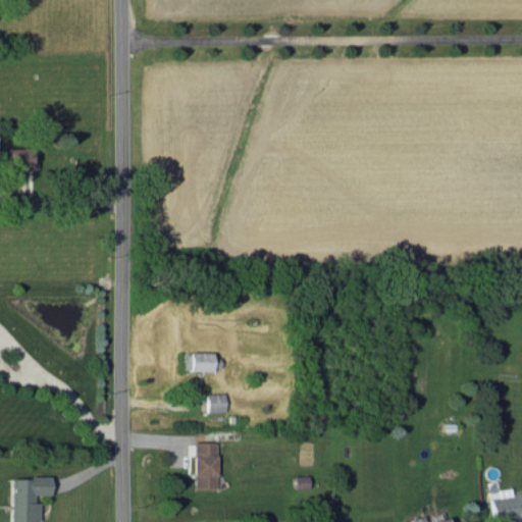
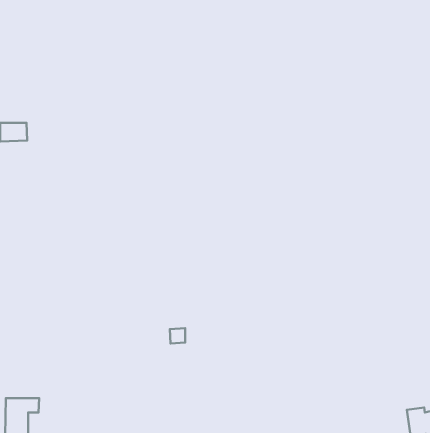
building: [188,355,217,372] -> none
building: [196,443,218,490] -> none

